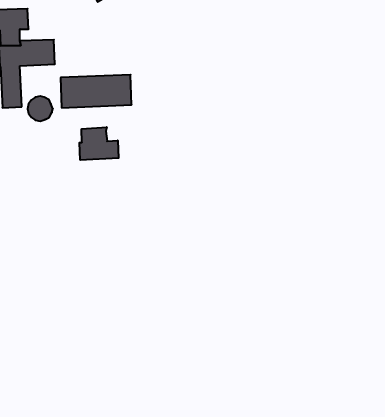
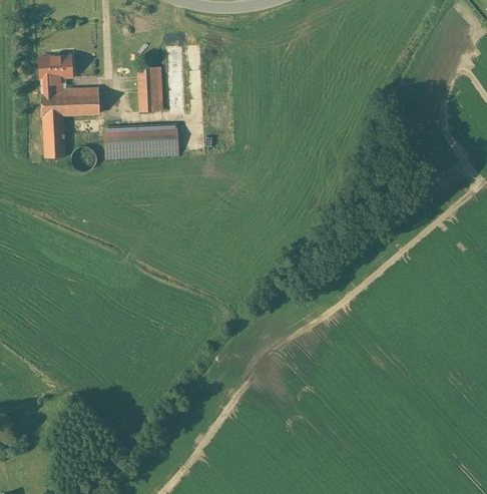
building: none -> [138,67,156,112]
building: [79,127,119,160] -> none

